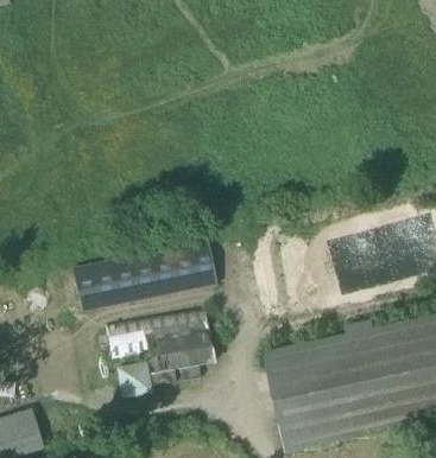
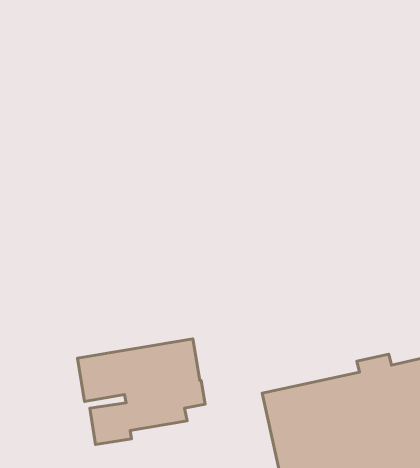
building: [71,236,216,310] -> none

